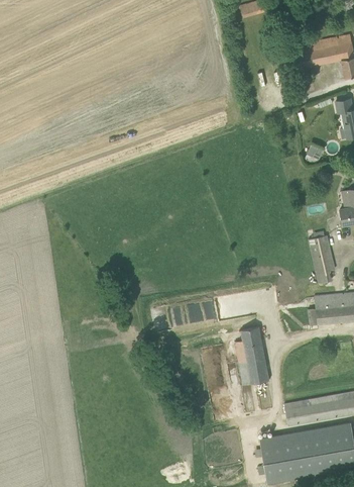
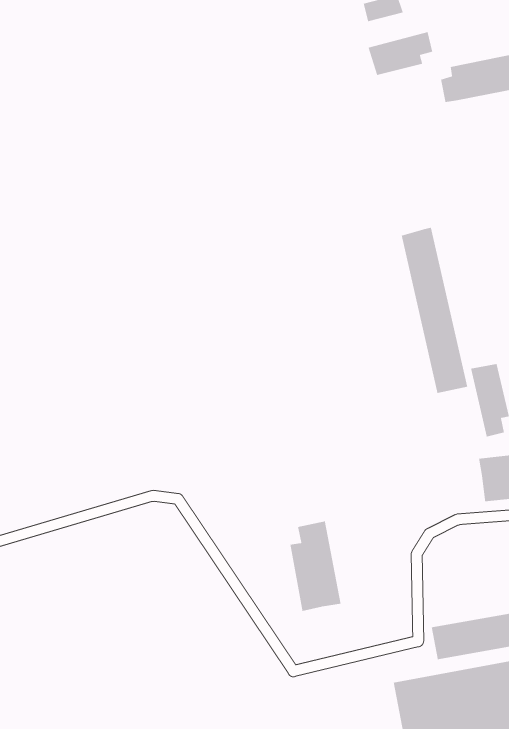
building: none -> [368,31,433,76]
building: none -> [401,227,468,394]
building: [235,326,268,385] -> [289,520,341,612]

